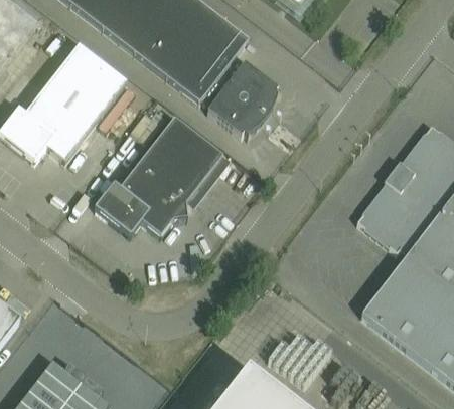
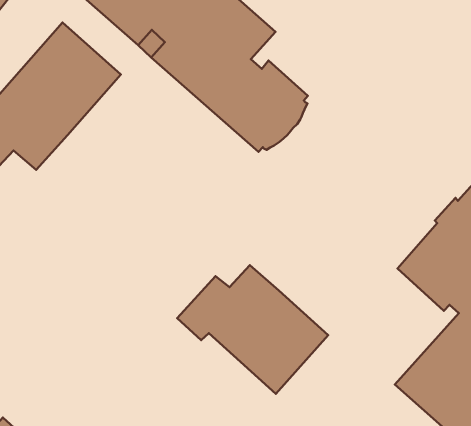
building: [95,117,223,235] -> none
building: none -> [177,265,328,394]

